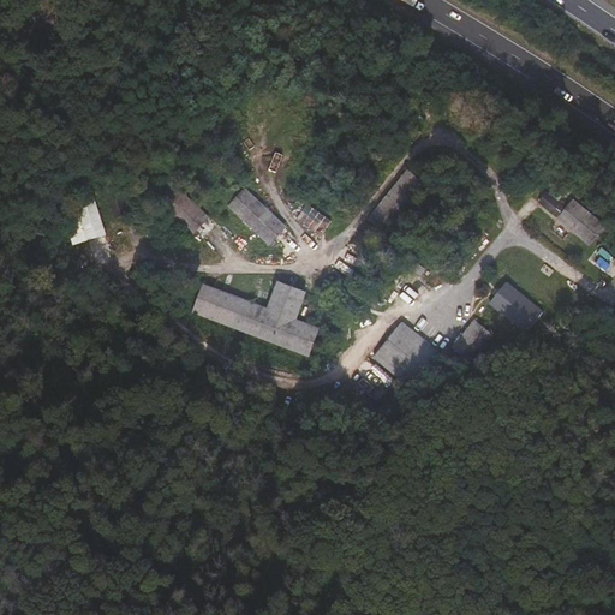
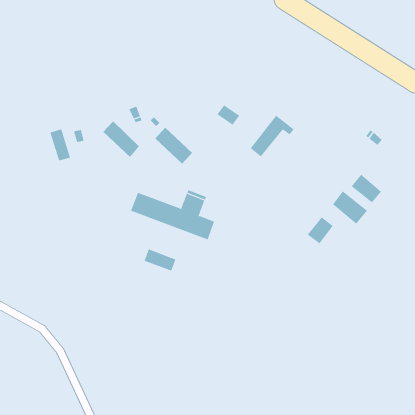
building: [559,199,604,243] -> [351,174,382,203]
building: [295,203,330,234] -> [216,104,240,126]
building: [374,321,441,388] -> none
building: none -> [144,249,176,271]

